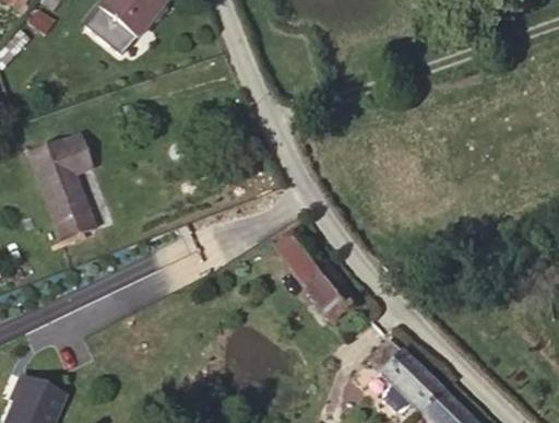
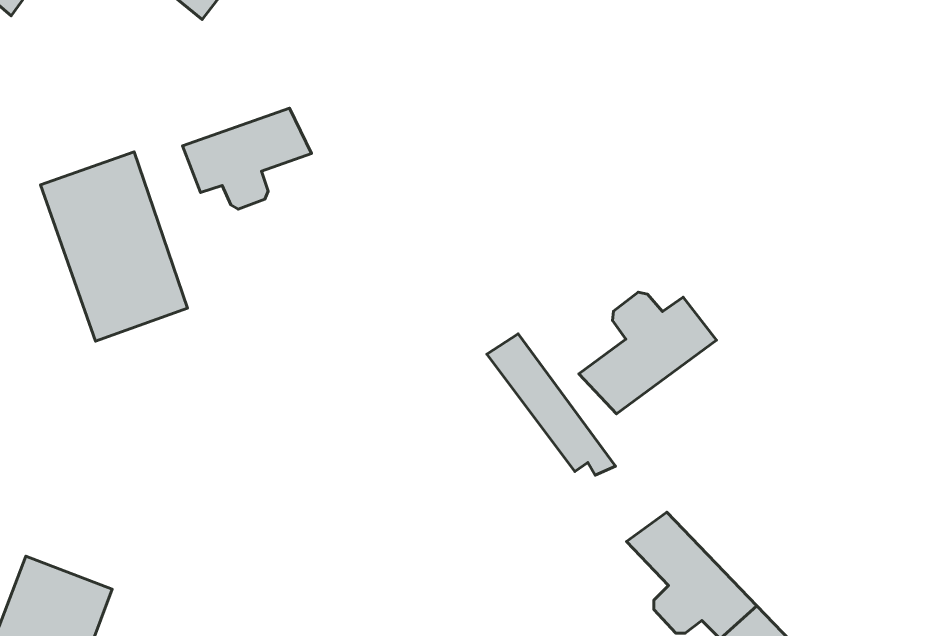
building: none -> [183,108,312,209]
building: none -> [579,292,716,414]

